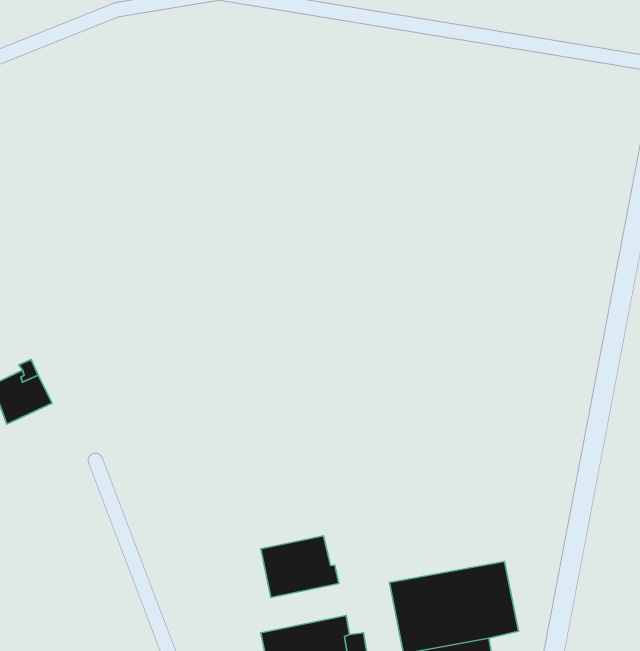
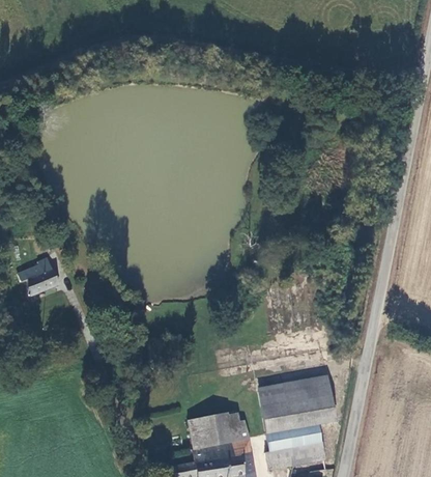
building: [261,536,339,597] -> none

